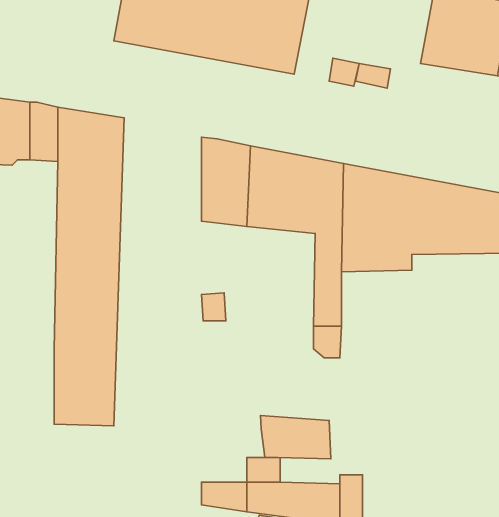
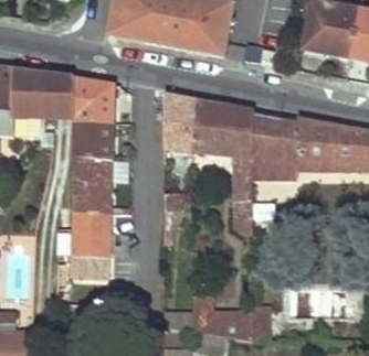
building: [261,415,331,459] -> none

